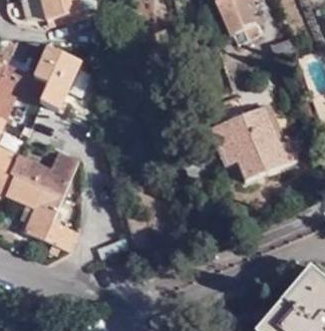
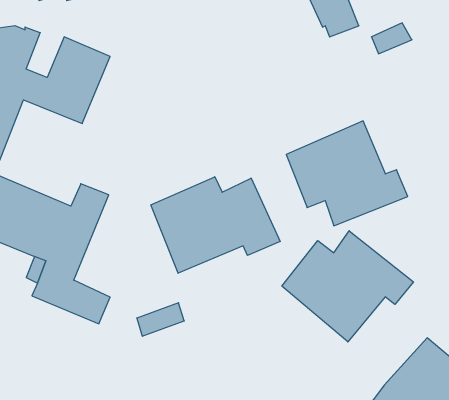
building: none -> [151,177,280,273]
building: none -> [282,231,413,342]

